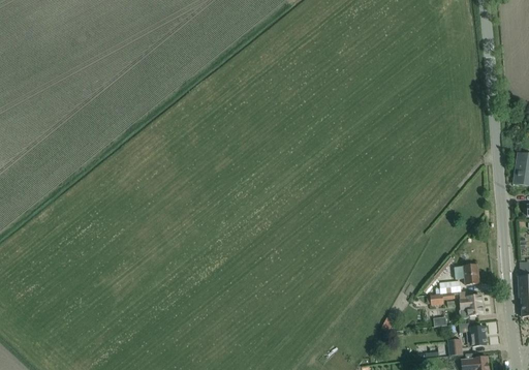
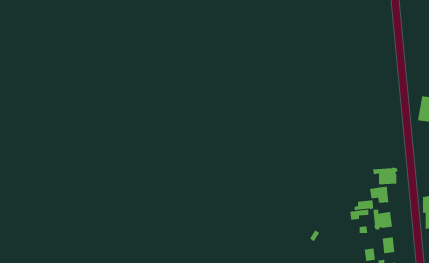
building: none -> [372,167,399,185]

